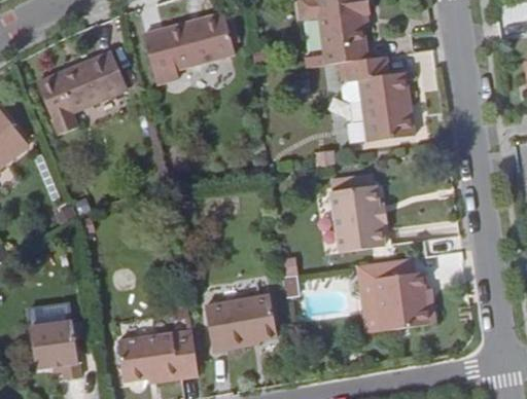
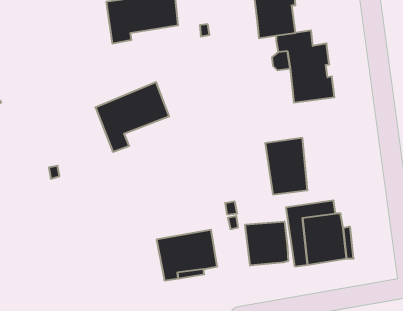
building: [32,48,119,131] -> [95,82,169,152]
building: none -> [245,221,288,266]
building: [28,315,78,373] -> none
building: [114,331,197,384] -> none

